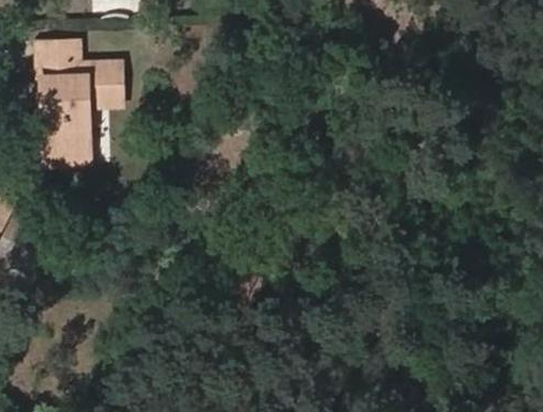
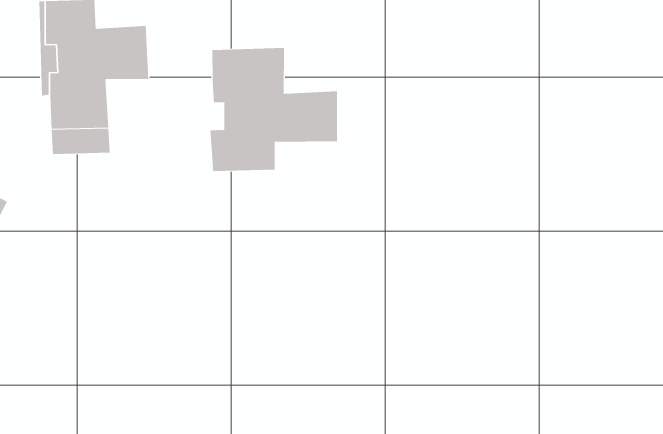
building: none -> [210,47,338,172]

